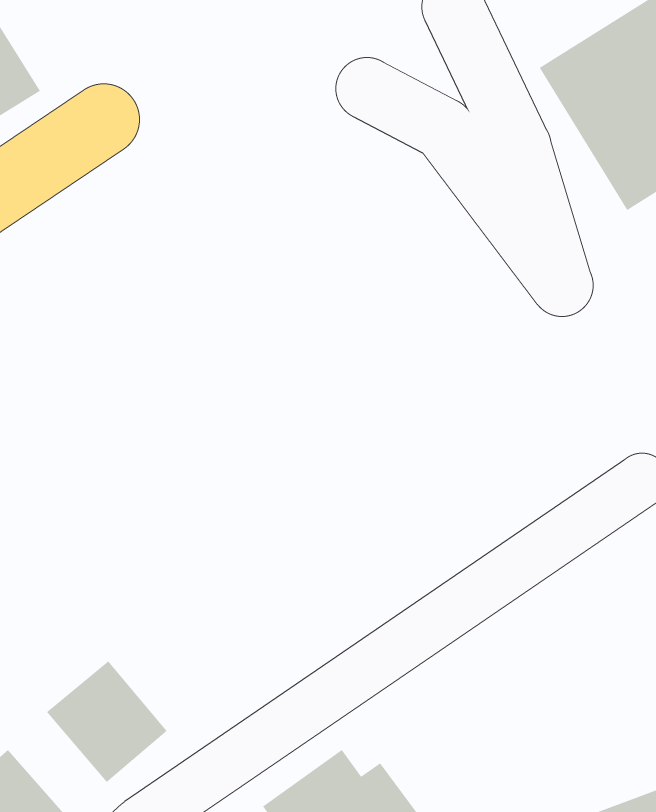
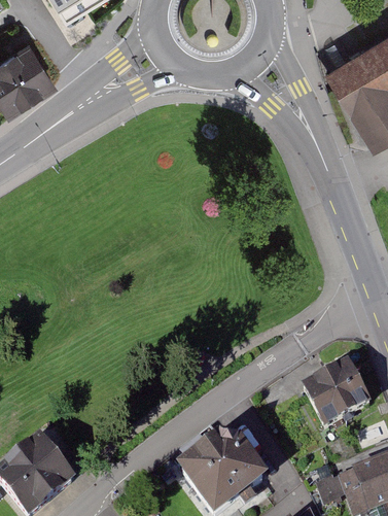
building: none -> [304,363,369,425]
building: [46,661,167,783] -> none

